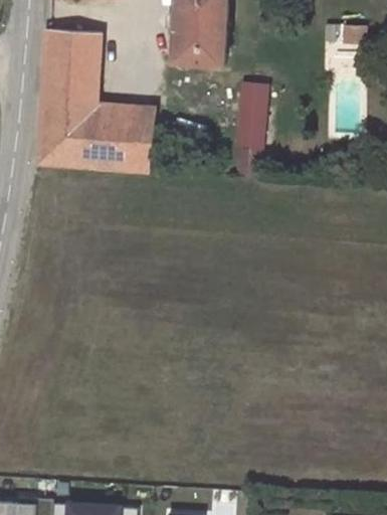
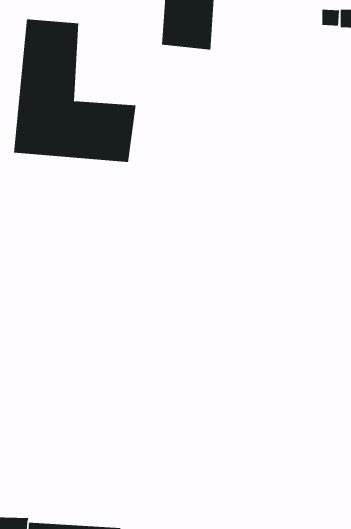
building: [233,77,267,175] -> none

